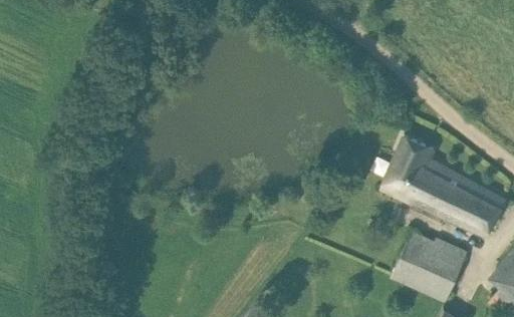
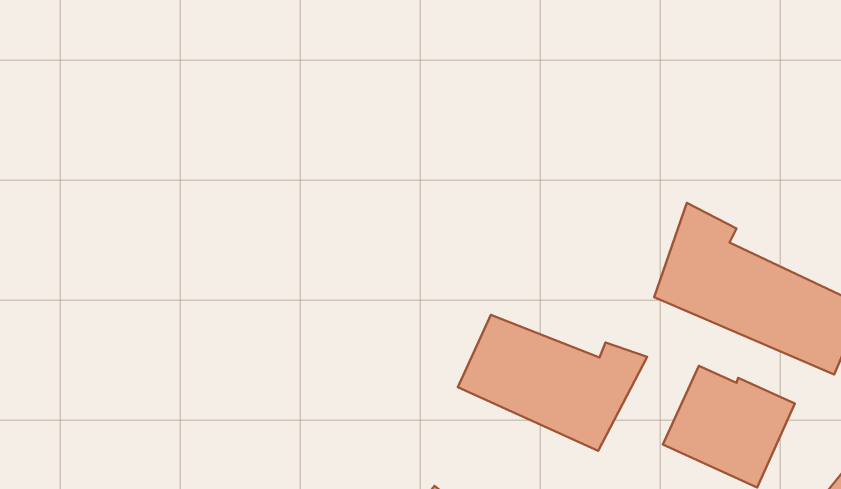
building: none -> [458,315,647,451]

